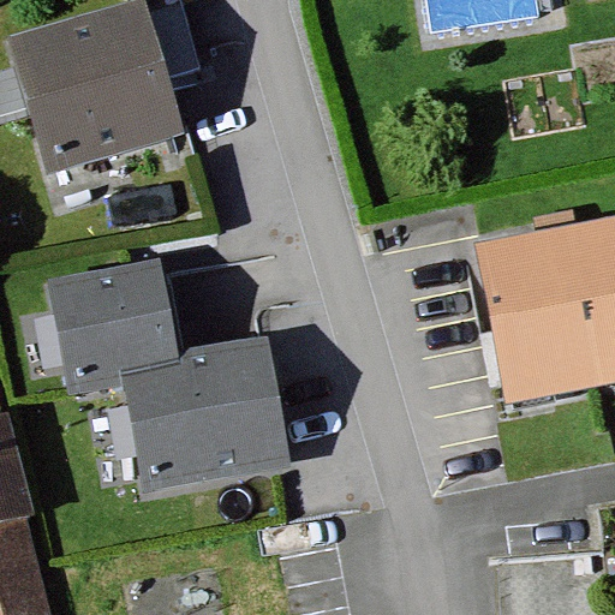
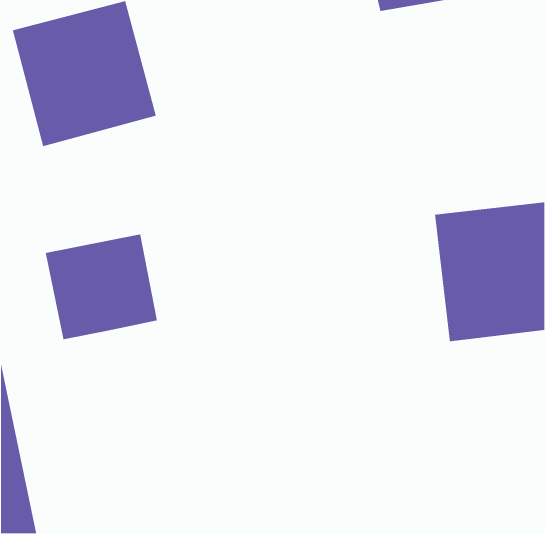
building: [126,347,281,482] -> none

